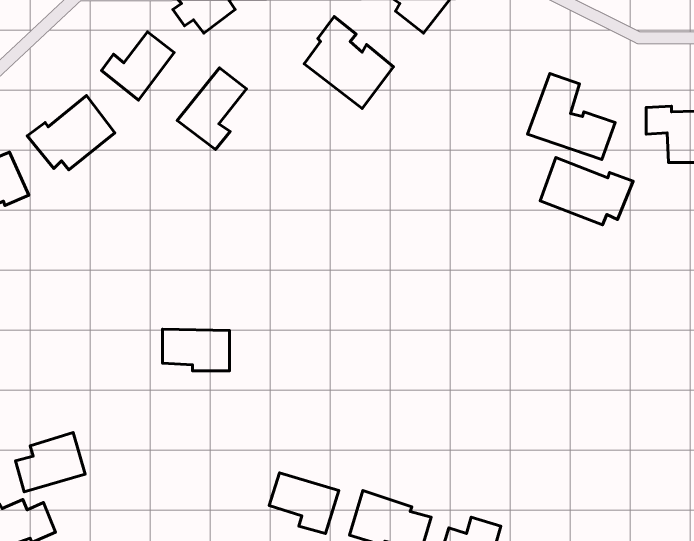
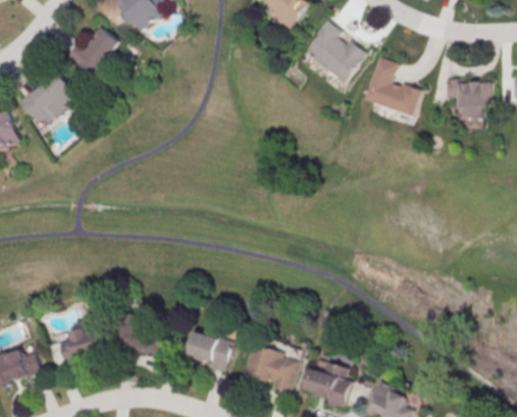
building: [304,16,393,108] -> [307,19,368,83]
building: [177,68,246,149] -> none
building: [540,157,633,225] -> none
building: [163,329,229,371] -> [112,323,158,352]
building: [15,432,85,492] -> [57,322,105,363]

